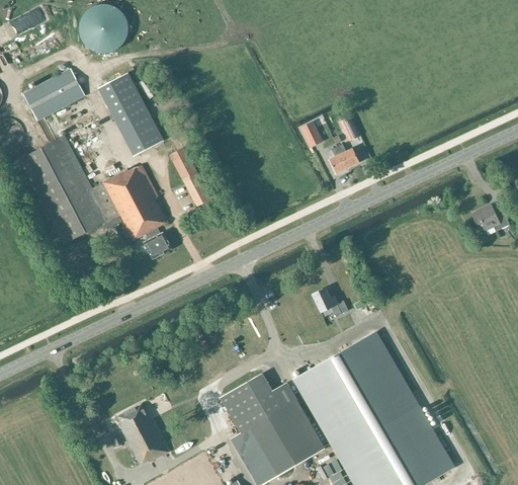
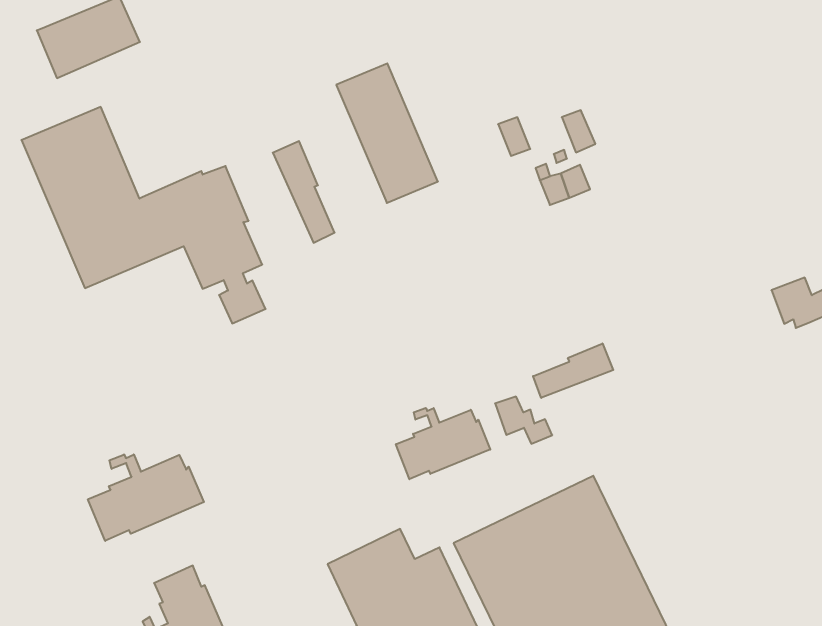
building: [98,73,163,156] -> [336,63,438,203]
building: none -> [533,343,613,398]
building: none -> [396,408,490,479]
building: none -> [88,454,204,541]

